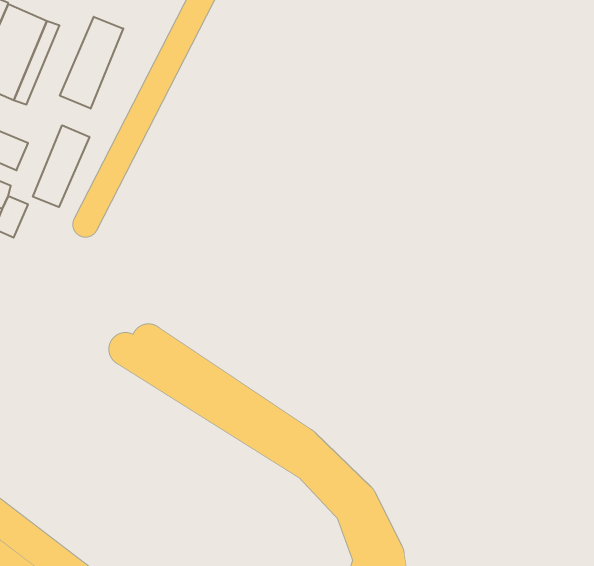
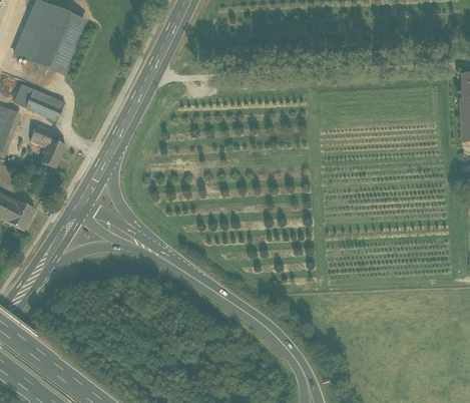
building: [60,17,123,109] -> none
building: [33,125,89,207] -> none

